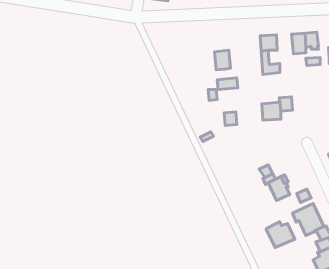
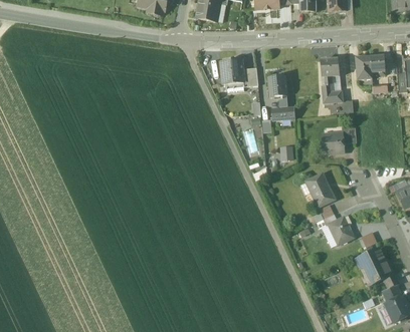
building: none -> [220,59,253,86]
building: none -> [306,174,335,207]
building: [266,221,295,248] -> none

